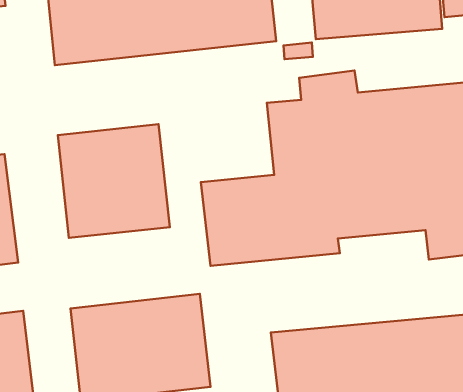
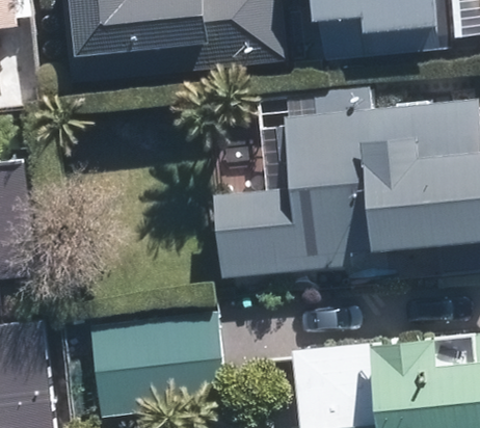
building: [58,124,170,238] -> none

